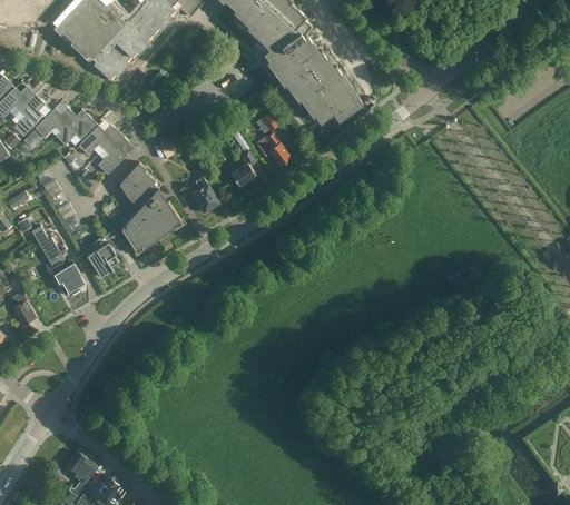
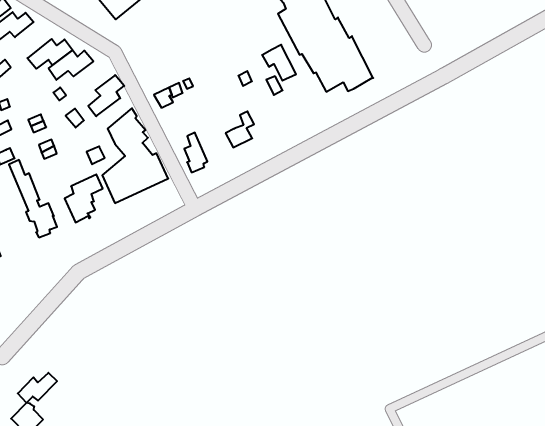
building: [13,95,43,137] -> none
building: [77,125,118,156] -> none
building: [256,132,291,166] -> [262,45,296,81]
building: none -> [18,373,57,403]

